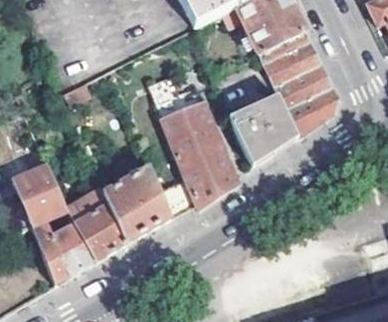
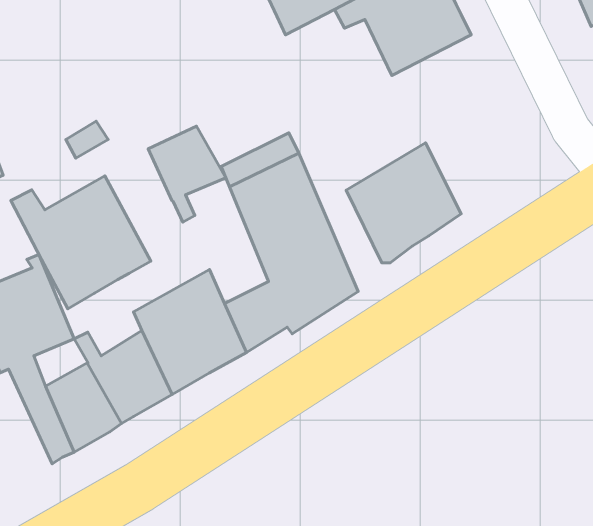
building: [257,28,338,134] -> none
building: none -> [148,126,226,222]
building: none -> [11,176,151,309]

